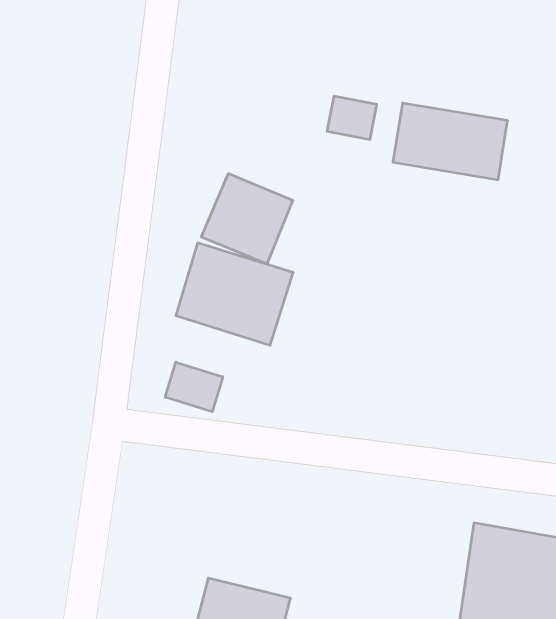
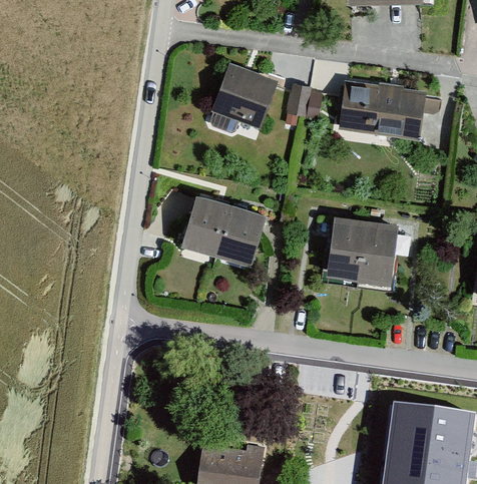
building: [201,174,293,264] -> [211,63,280,130]
building: none -> [321,214,400,287]
building: [165,362,223,412] -> none

